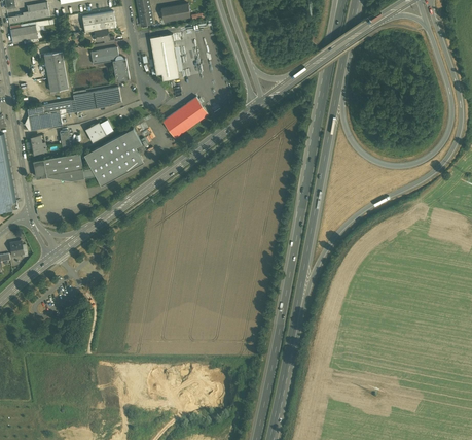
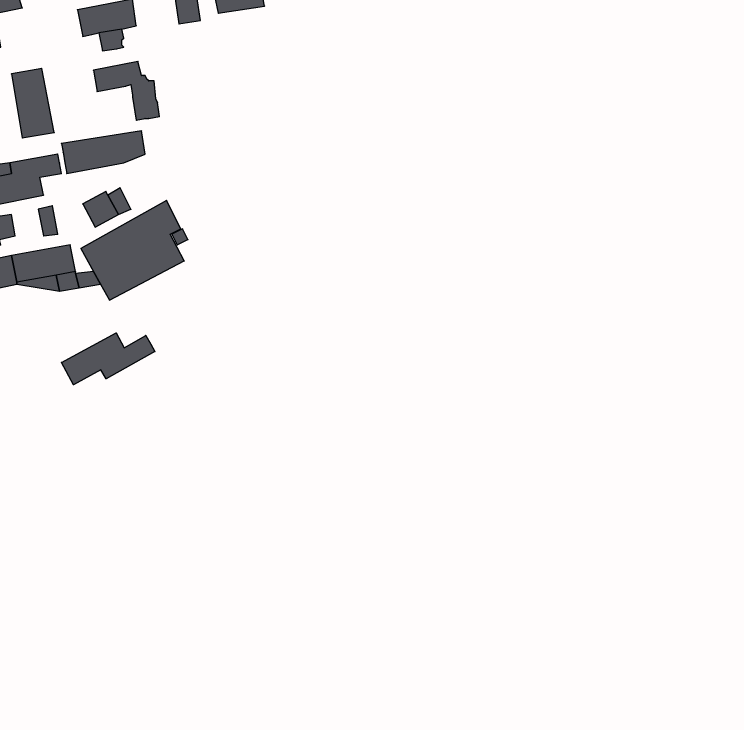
building: [149,34,179,80] -> none
building: [161,97,208,138] -> none
building: none -> [61,333,155,385]

